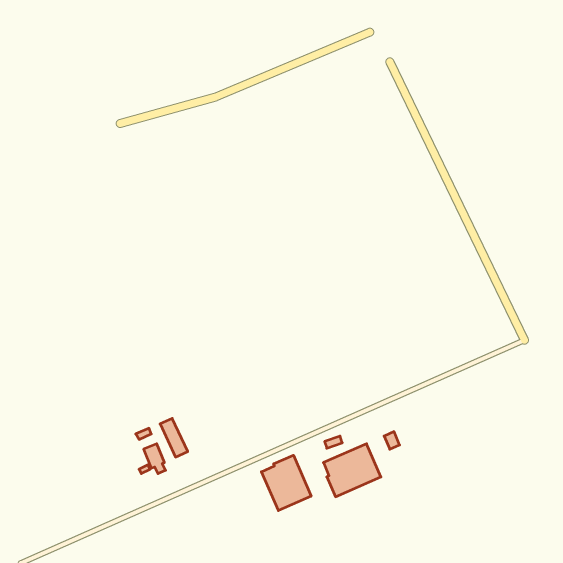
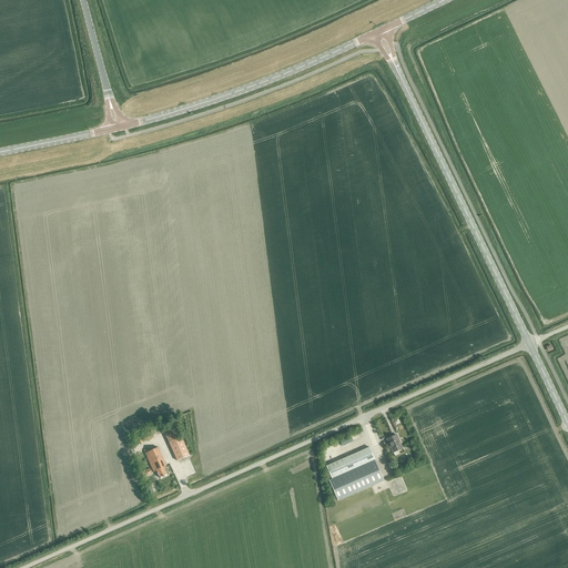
building: [261,455,311,511] -> none

